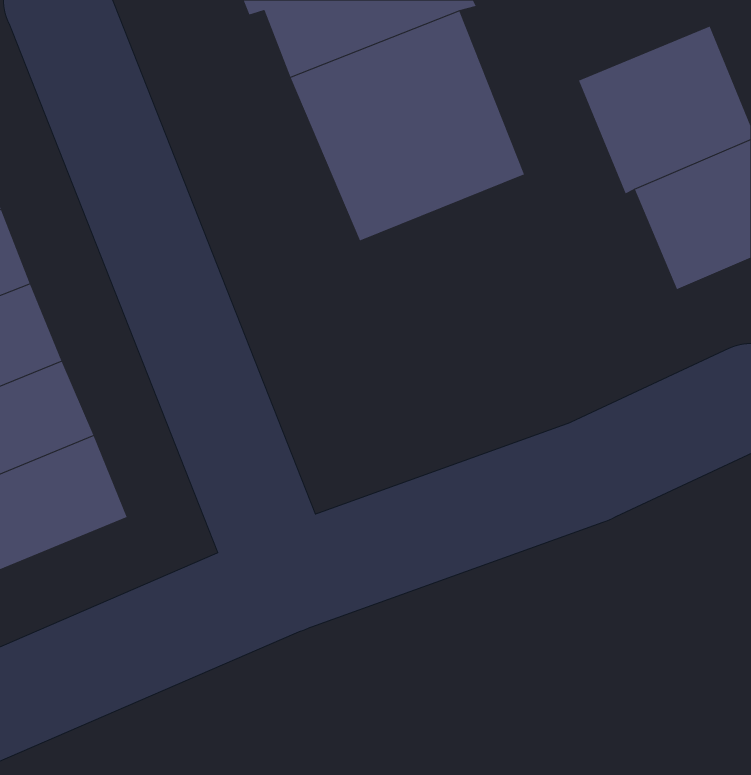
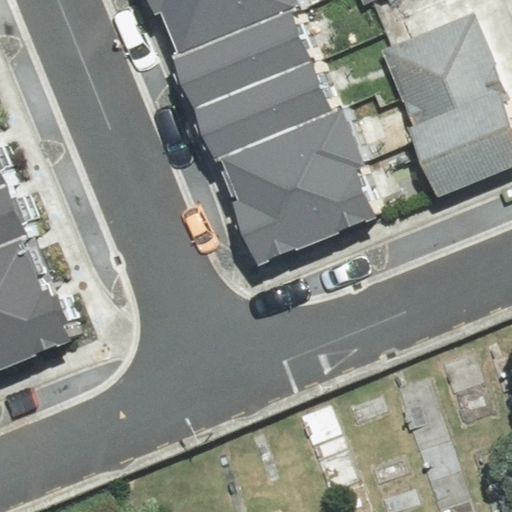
building: none -> [237,110,387,265]

